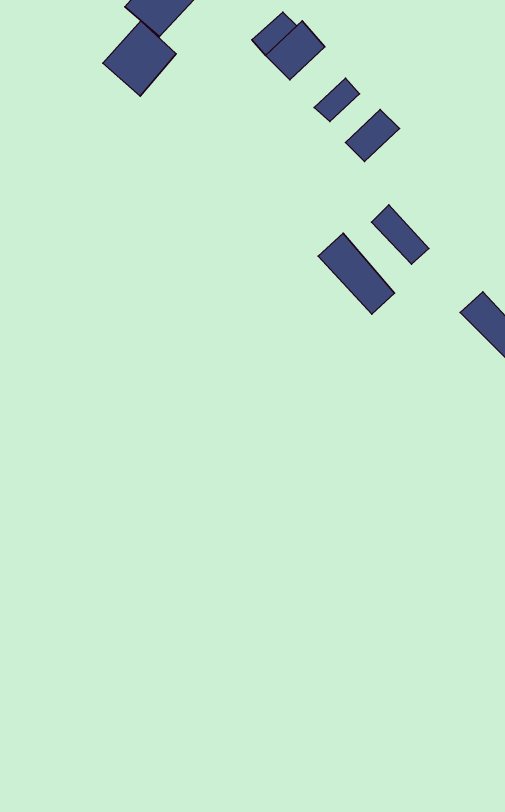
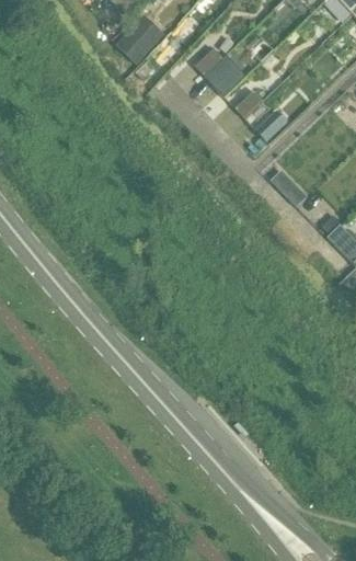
building: [103,21,176,96] -> none
building: [318,233,394,314] -> none

